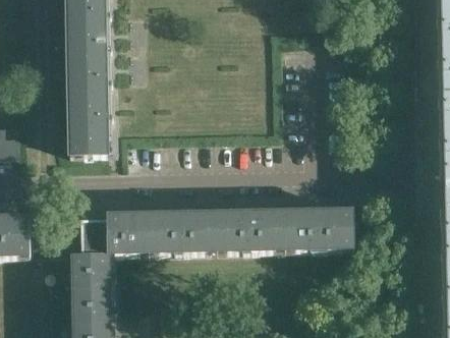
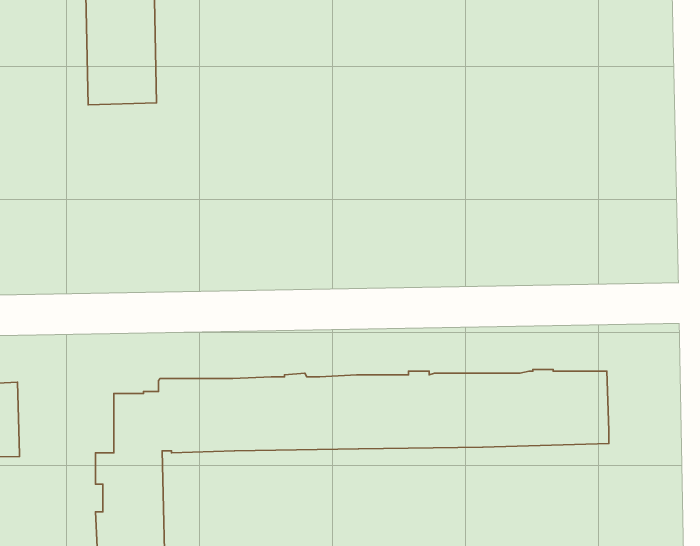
building: [68,60,108,153] -> none

